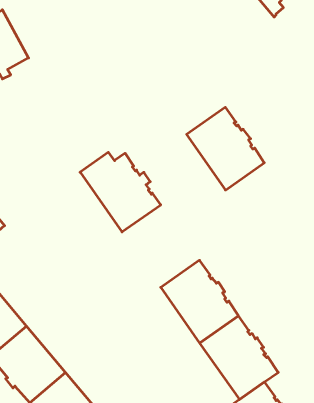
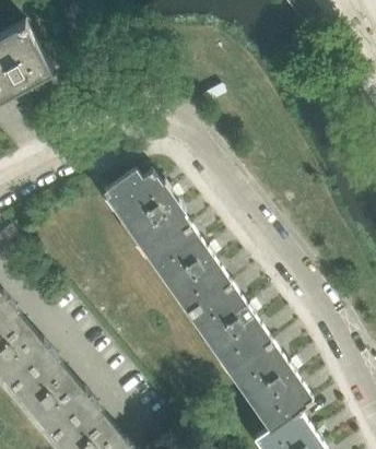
building: [187,107,264,190] -> [149,226,230,312]

